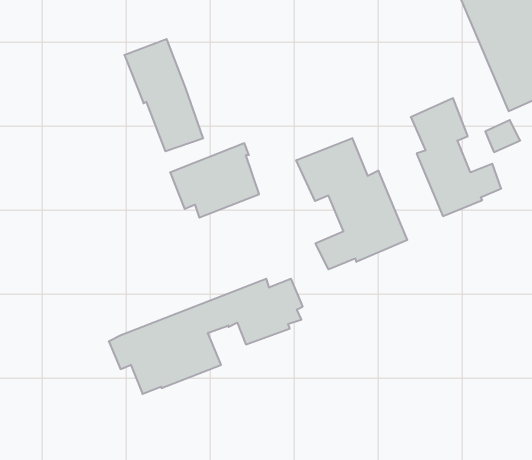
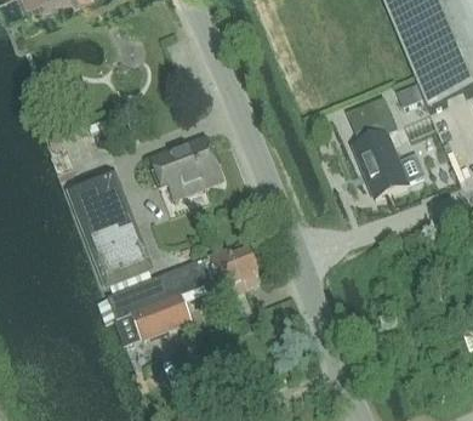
building: [124,39,203,151] -> [76,180,142,273]
building: [296,138,407,269] -> none

